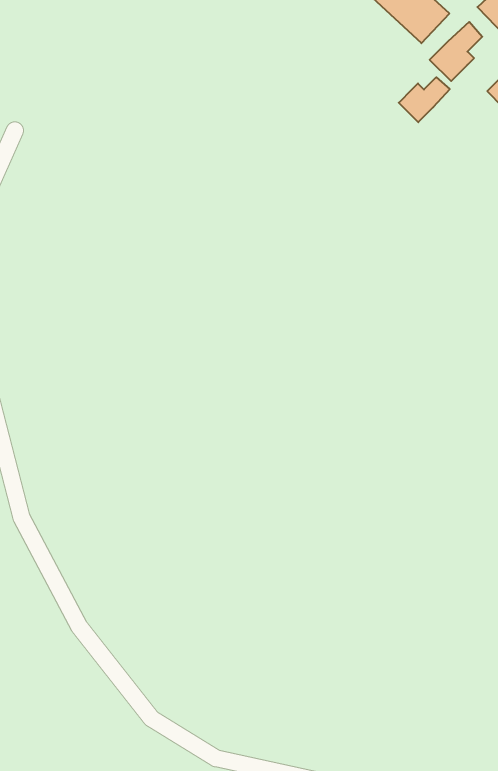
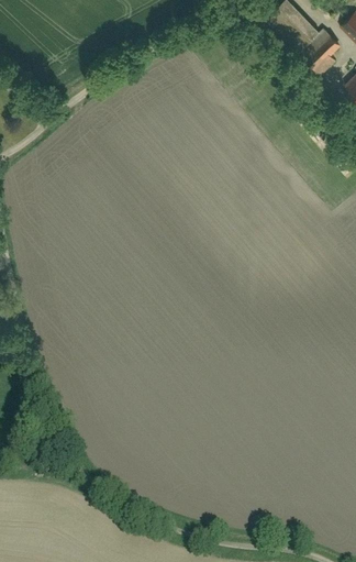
building: [399,77,450,122] -> none

